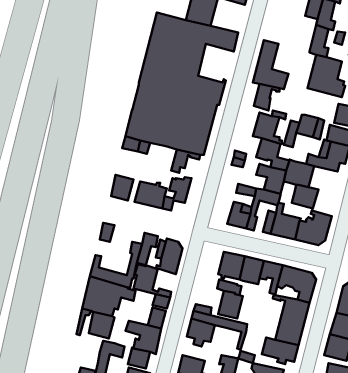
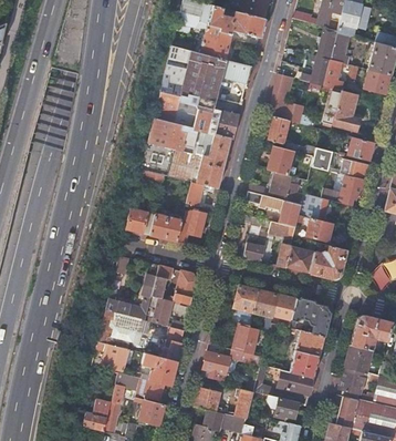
building: none -> [301,50,332,85]

